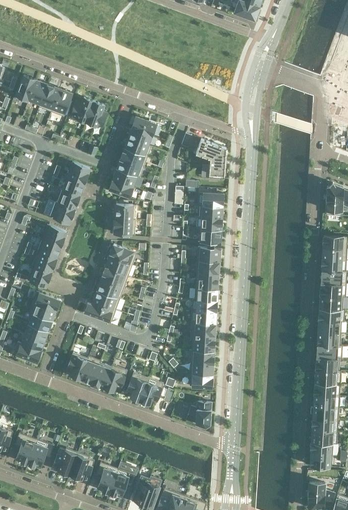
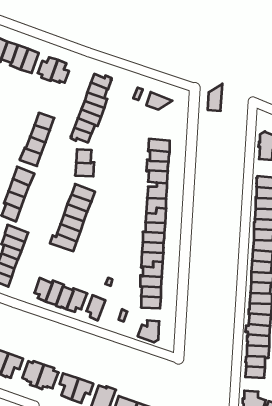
building: [208,149,225,180] -> [208,84,222,111]
building: [139,379,163,405] -> none

